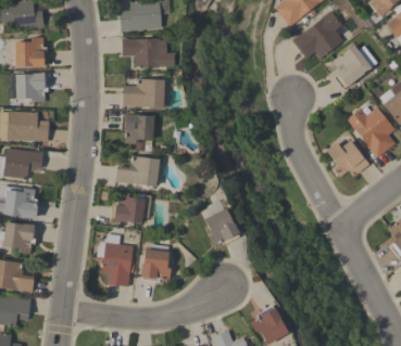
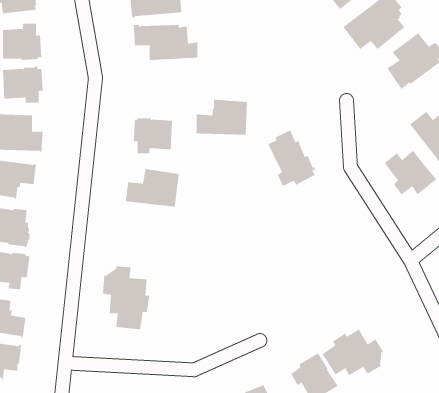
building: [123,78,165,107] -> [196,99,248,135]
building: [111,191,146,223] -> none
building: [201,200,240,246] -> [268,130,316,187]
building: [140,243,172,282] -> none
building: none -> [322,329,384,376]

